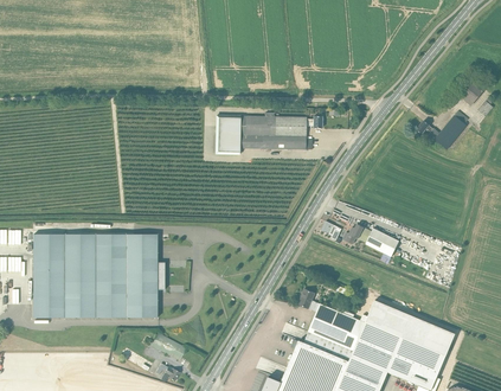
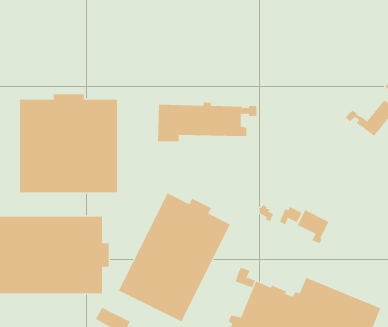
building: none -> [20,93,118,193]
building: none -> [118,193,231,322]

